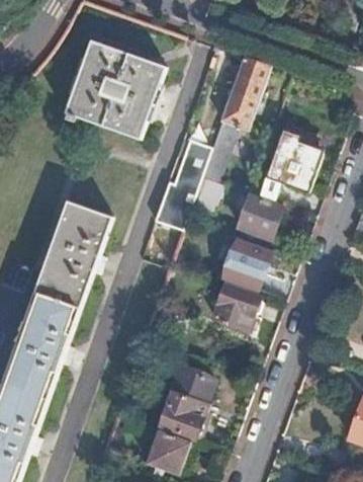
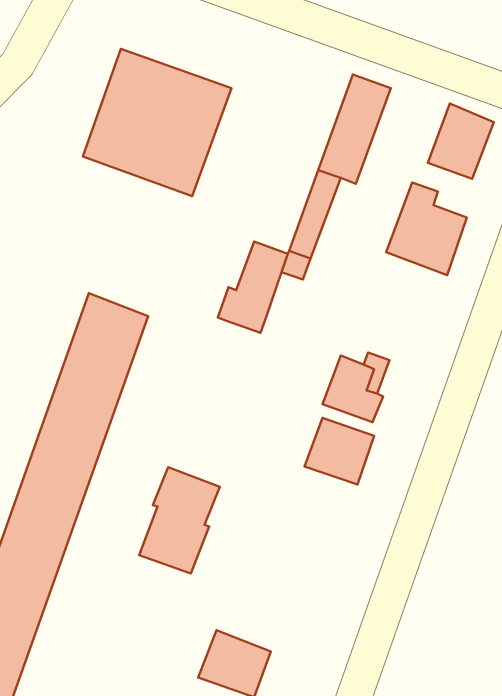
building: none -> [428,103,494,179]
building: [240,195,282,239] -> none
building: [160,367,213,437] -> [139,467,220,573]

